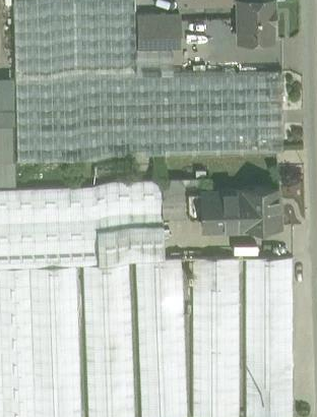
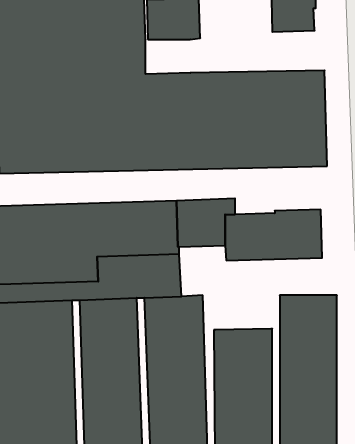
building: [135,50,172,78] -> none
building: [187,259,238,288] -> none

